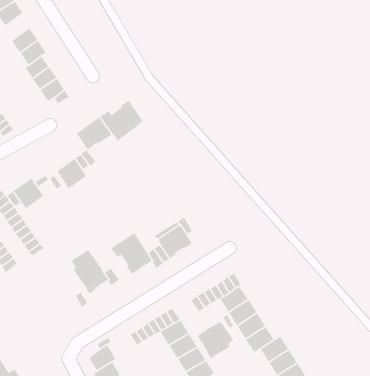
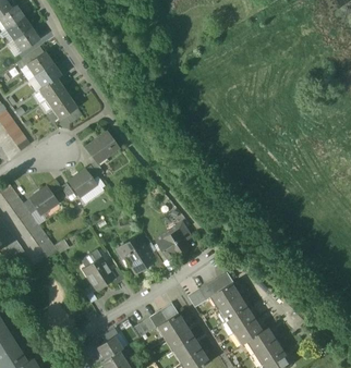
building: [99,100,144,142] -> none
building: [197,321,234,359] -> none

